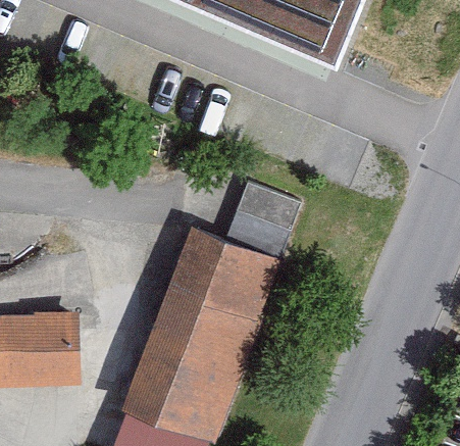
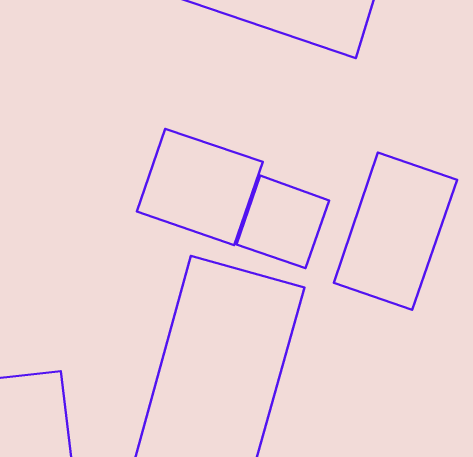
building: none -> [137,129,263,245]
building: none -> [334,153,457,310]

